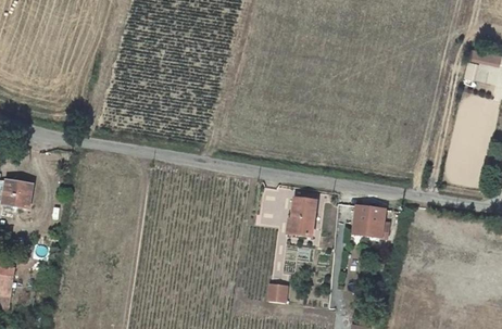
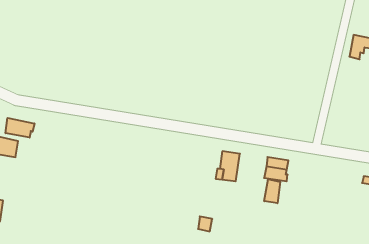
building: none -> [6,118,34,138]
building: none -> [264,179,280,203]

